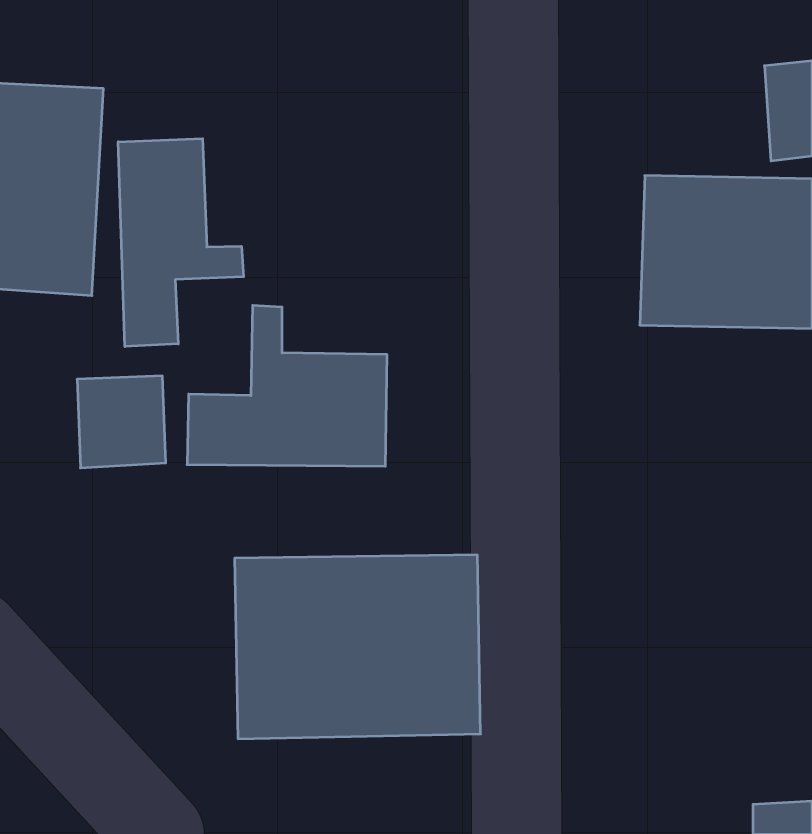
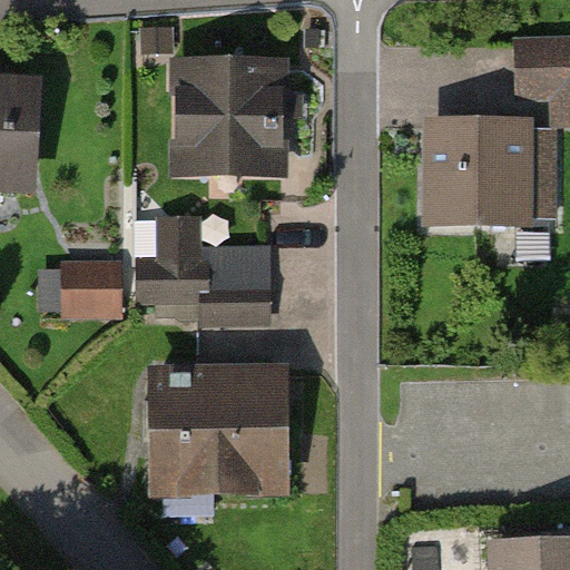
building: none -> [167,49,311,175]
building: [118,139,244,347] -> none

